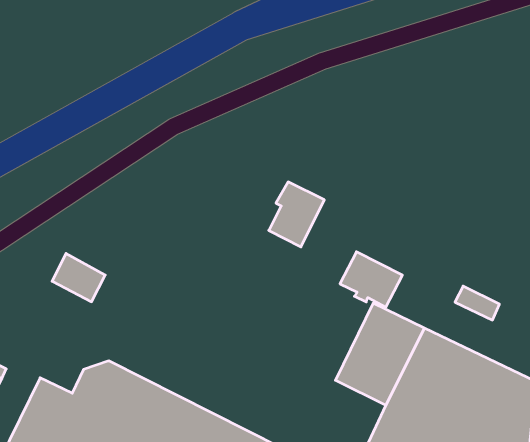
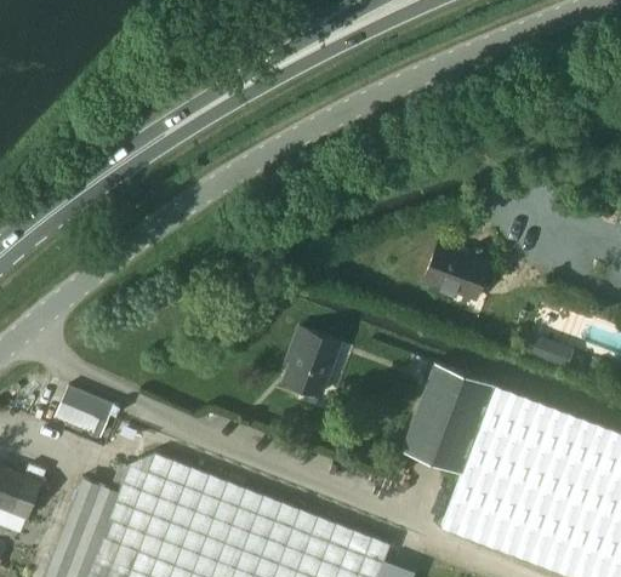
building: [269,182,324,247] -> [284,327,341,396]
building: [340,252,402,307] -> [423,244,490,301]
building: [52,253,105,302] -> [56,387,113,436]

